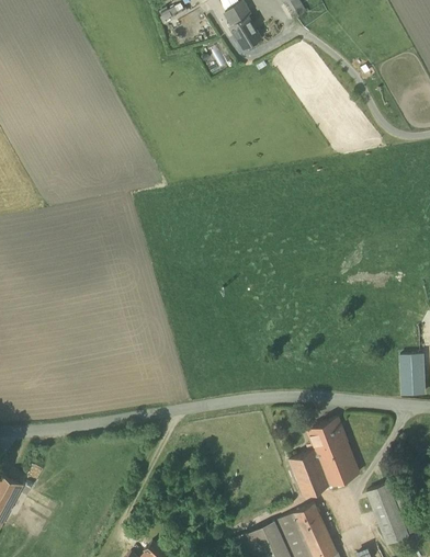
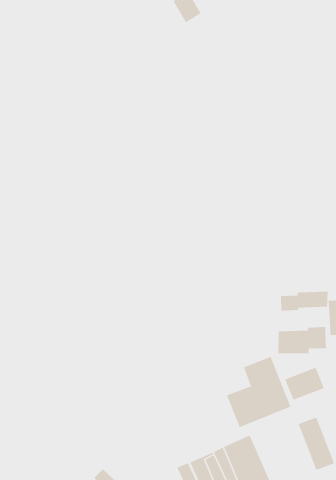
building: none -> [280,291,328,311]
building: none -> [278,326,326,354]
building: none -> [284,367,324,401]

